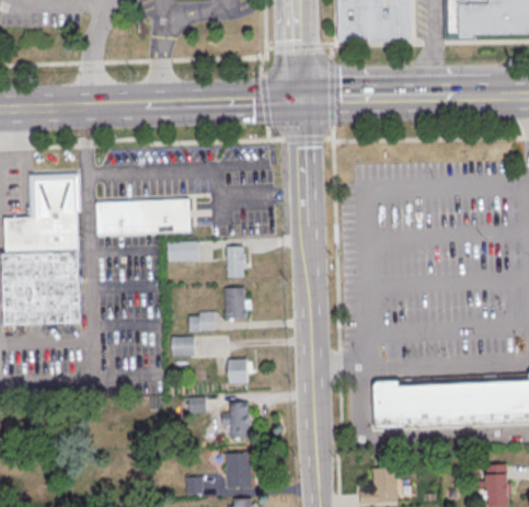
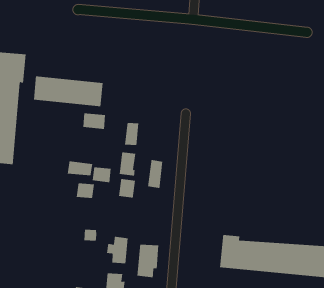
building: none -> [148,159,163,189]
building: none -> [67,160,93,176]
building: [227,358,248,382] -> [118,179,136,198]
building: none -> [137,244,159,278]

